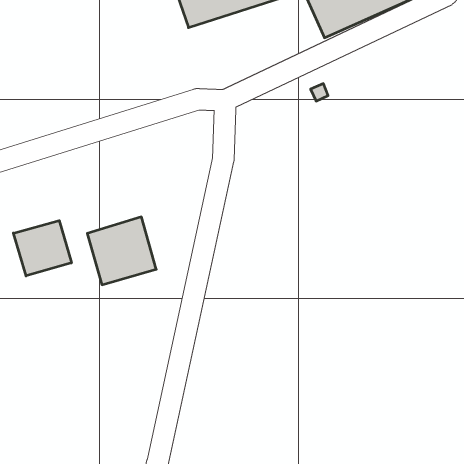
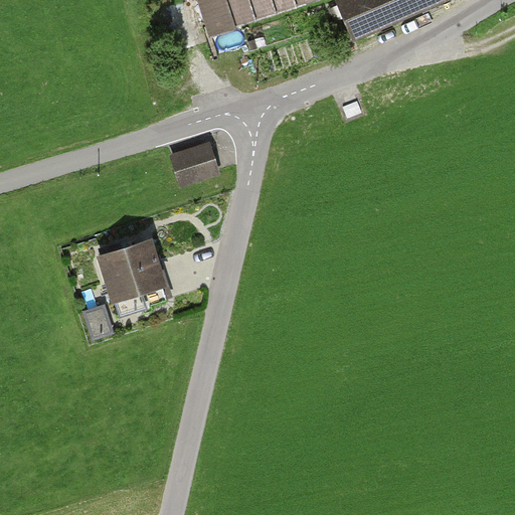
building: none -> [170,143,219,185]
building: [13,221,71,276] -> none

